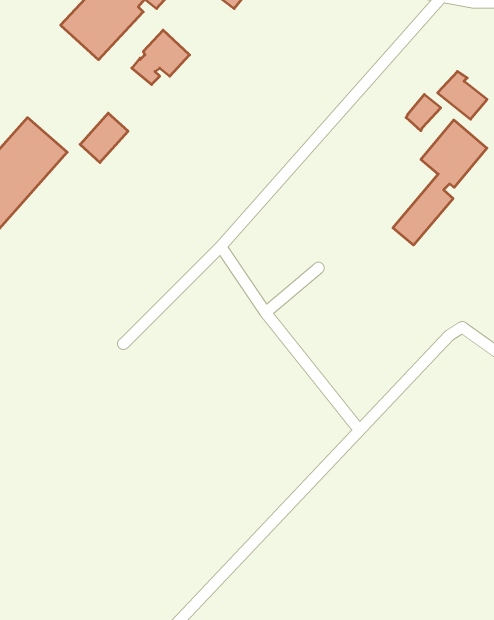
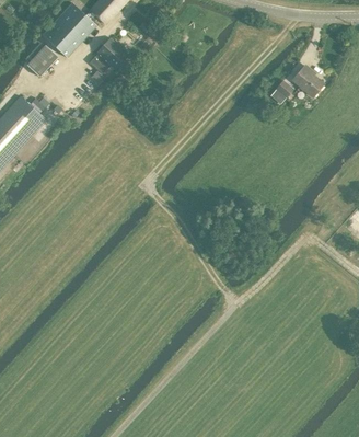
building: [80,113,128,163] -> [26,45,58,78]
building: [393,120,487,245] -> none

